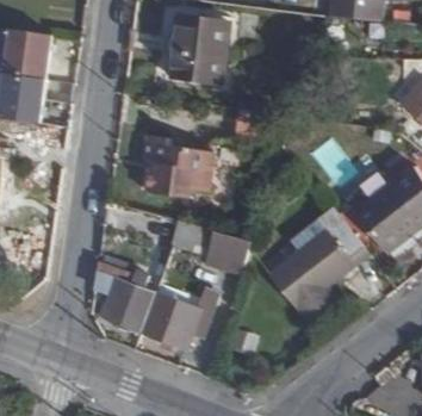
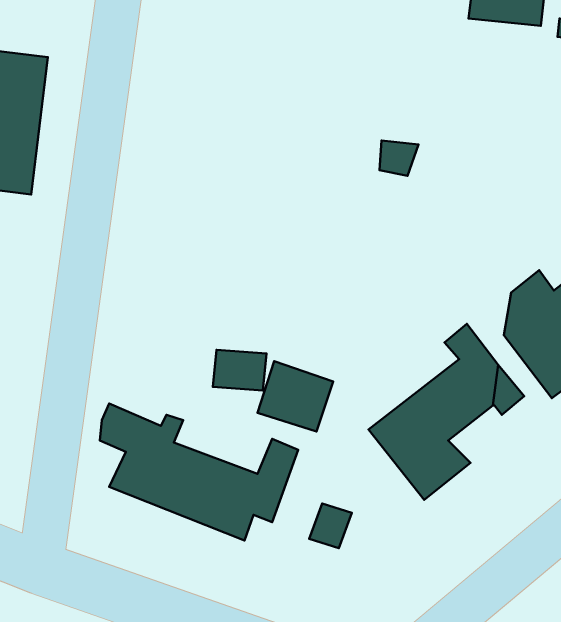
building: [166,12,230,79] -> none
building: [142,129,213,191] -> none

